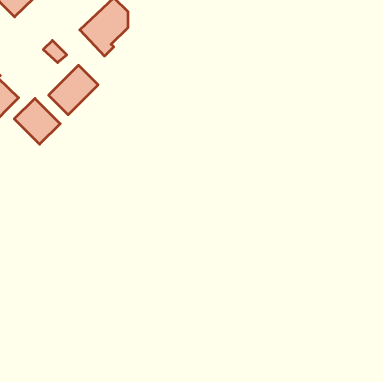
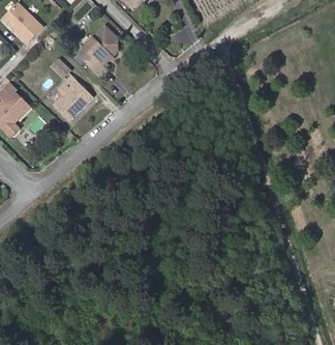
building: [14,98,60,144] -> none

